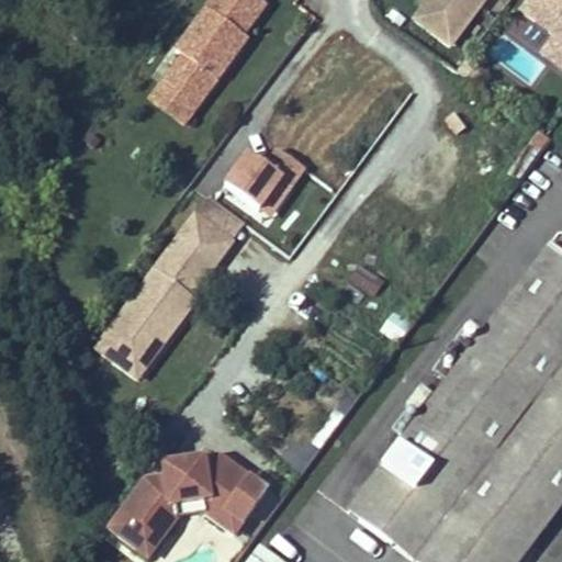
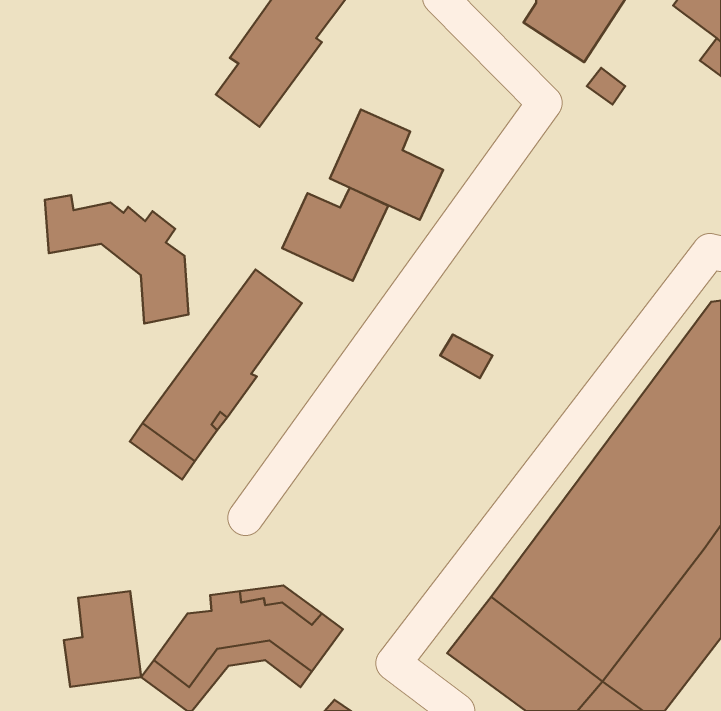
building: [154,74,202,119] -> none
building: none -> [330,109,443,220]
building: none -> [45,195,188,323]
building: [199,192,247,236] -> none
building: none -> [64,591,141,687]

